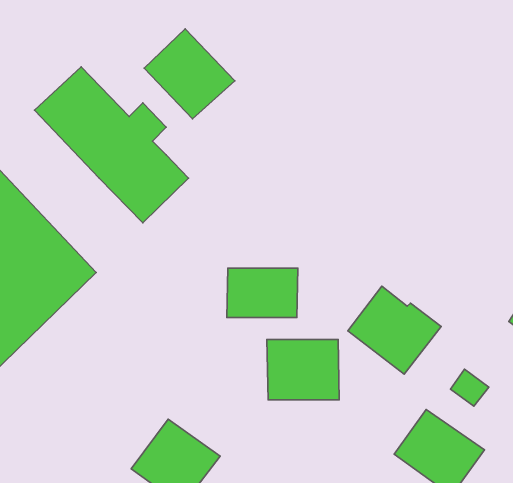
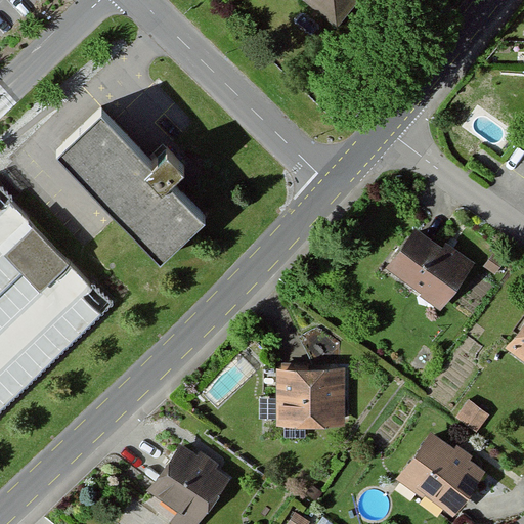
building: [144,29,235,119] -> none
building: [227,268,298,317] -> none
building: [348,286,441,374] -> [387,225,477,310]

